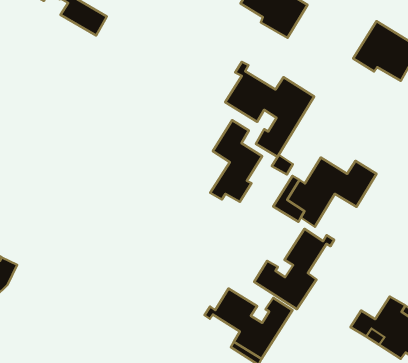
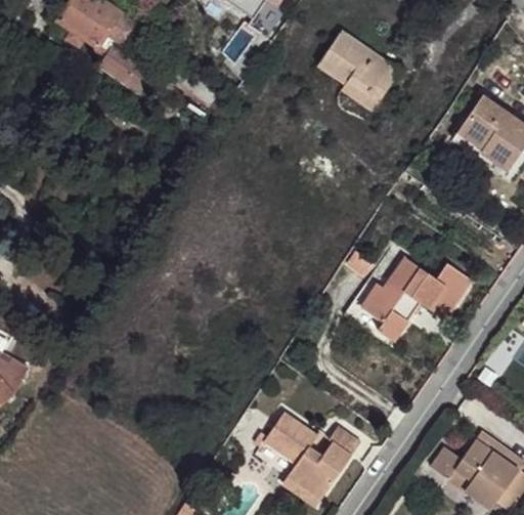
building: [225,62,314,157] -> none
building: [210,120,262,202] -> none
building: [254,229,334,309] -> none

